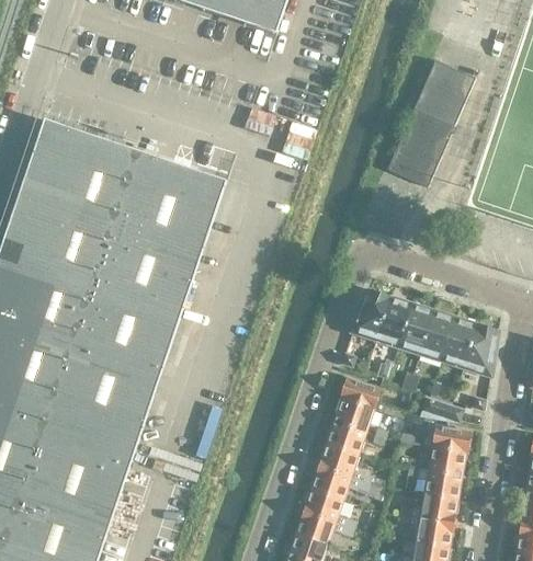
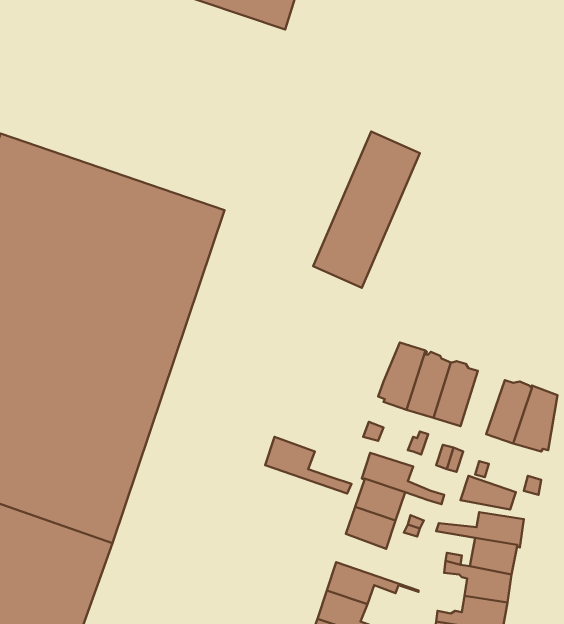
building: [387,61,474,188] -> [313,131,420,288]
building: [419,310,455,362] -> none
building: [318,443,388,489] -> [265,437,351,493]

